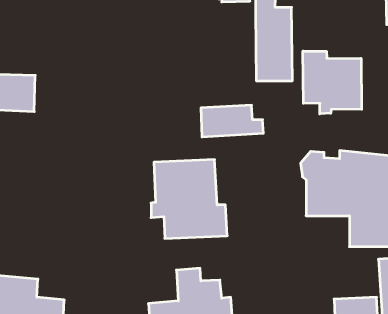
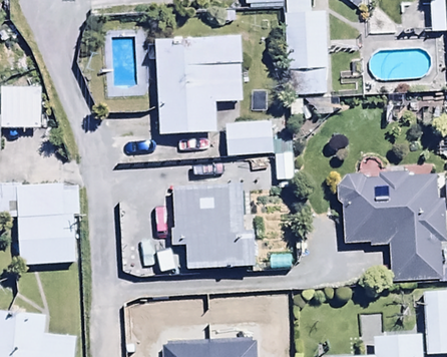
building: none -> [155,32,244,134]
building: [303,51,362,114] -> none
building: none -> [17,182,79,264]

